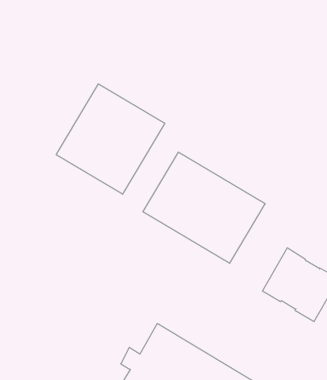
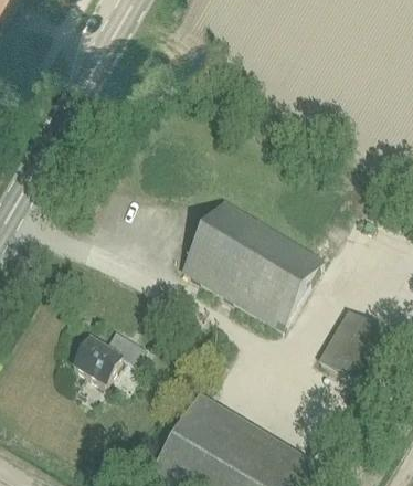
building: [56,84,165,194] -> none
building: none -> [70,327,144,382]

